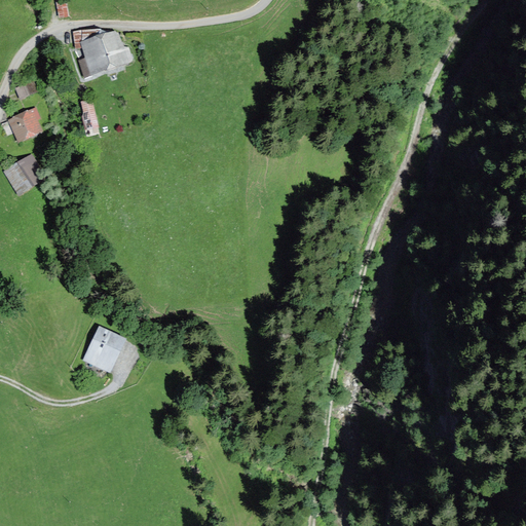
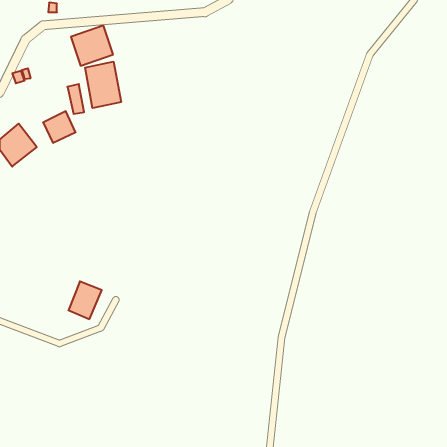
building: none -> [85,62,121,108]
building: [7,105,45,142] -> [43,111,76,143]

